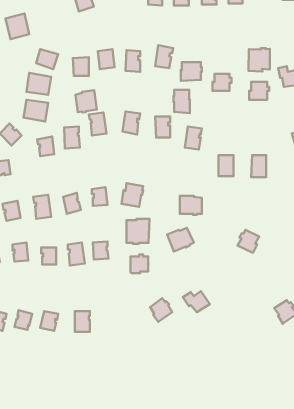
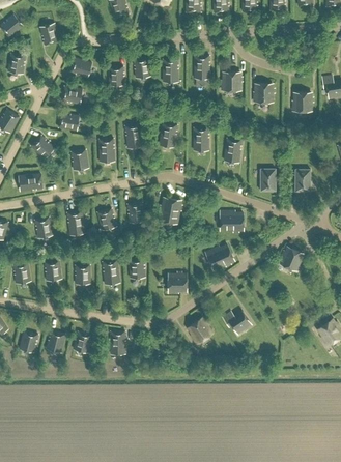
building: [249,48,270,72] -> none
building: [173,90,190,113] -> none
building: [76,90,97,113] -> none
building: [127,219,150,244] -> none

